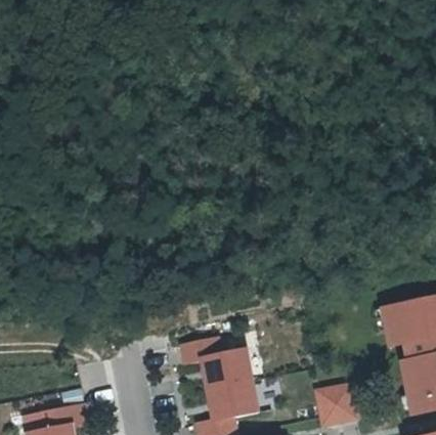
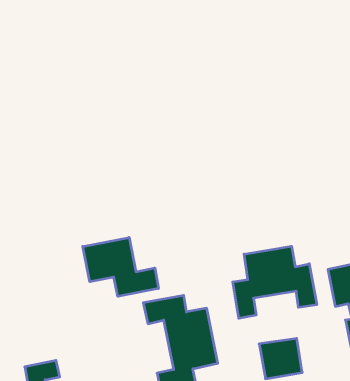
building: none -> [83,237,158,296]
building: none -> [233,246,317,318]

